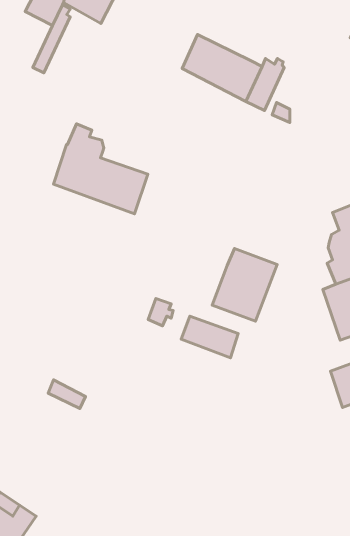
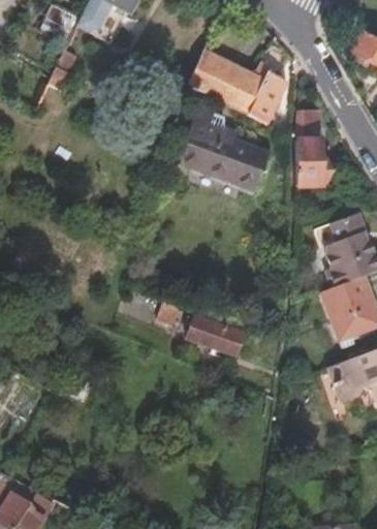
building: none -> [296,111,335,187]
building: [53,124,148,214] -> [177,103,265,188]
building: [212,248,277,321] -> none

